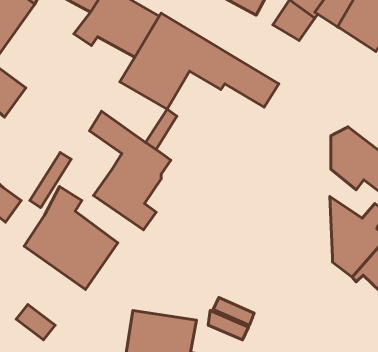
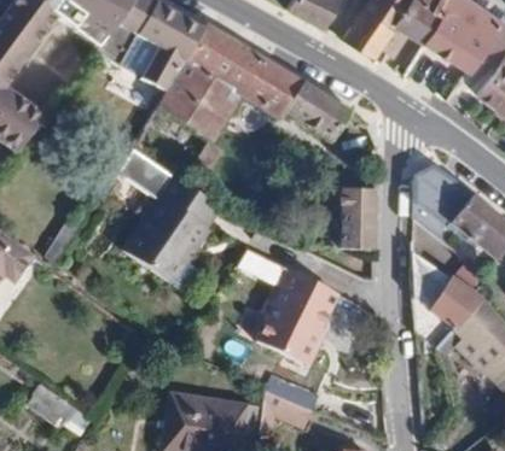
building: none -> [342,188,377,251]
building: [24,186,118,289] -> none
building: none -> [259,266,339,362]

